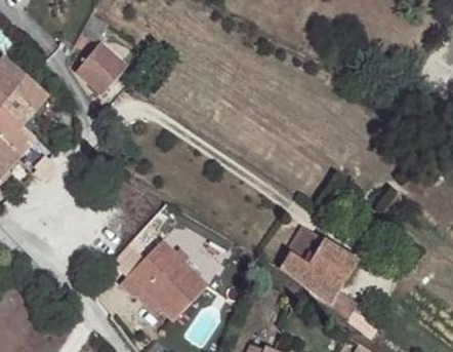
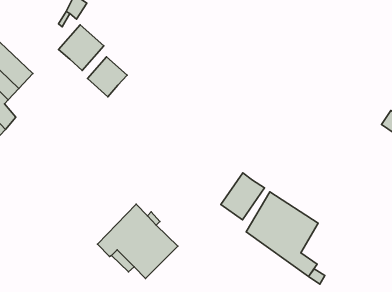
building: none -> [87,57,127,97]
building: none -> [221,173,264,220]

